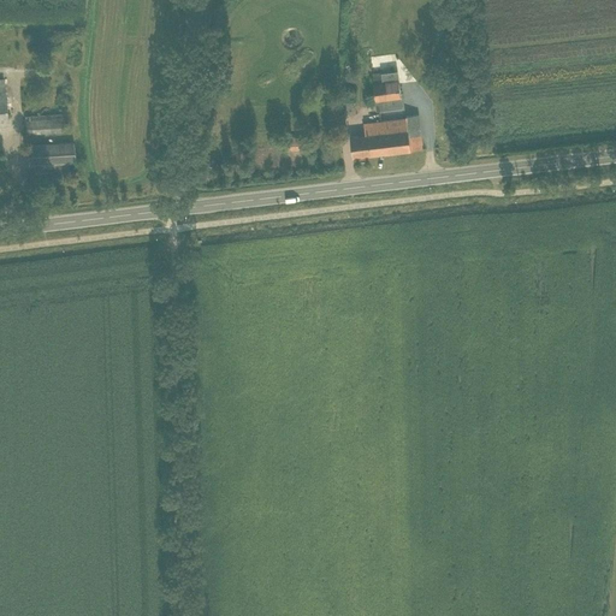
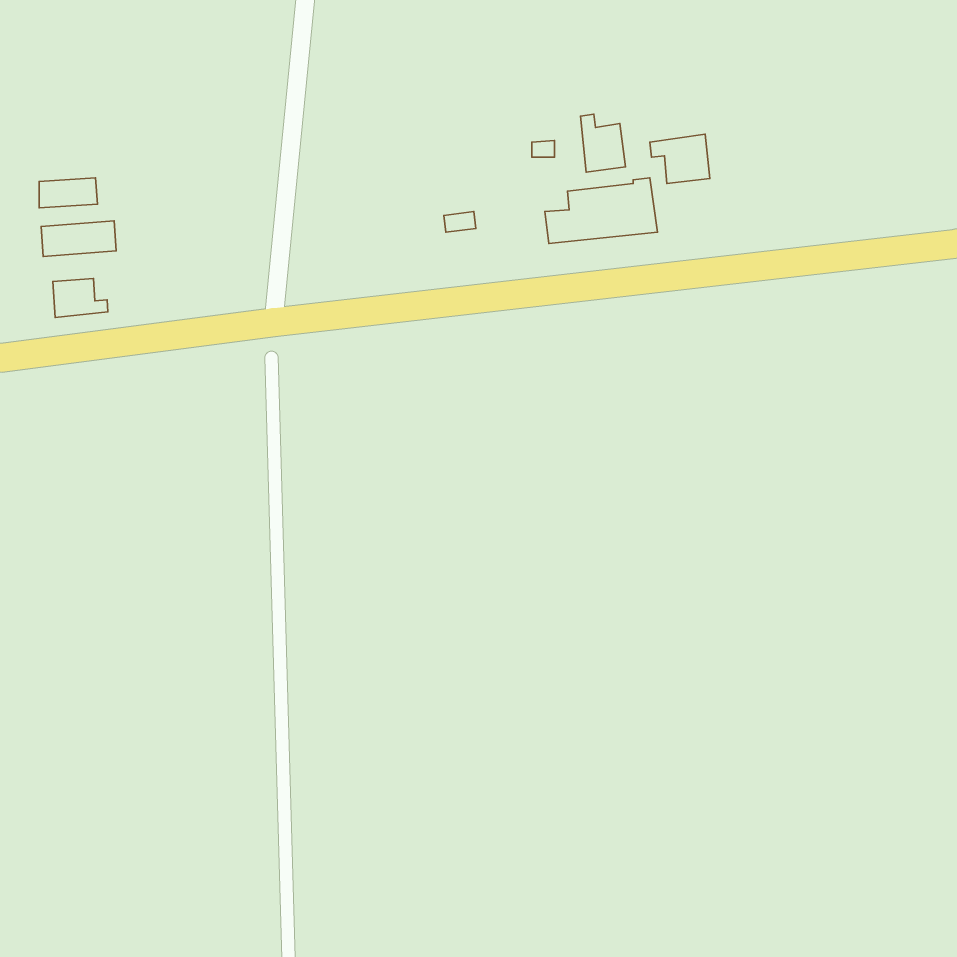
building: none -> [650,134,710,183]
building: none -> [53,278,108,317]

